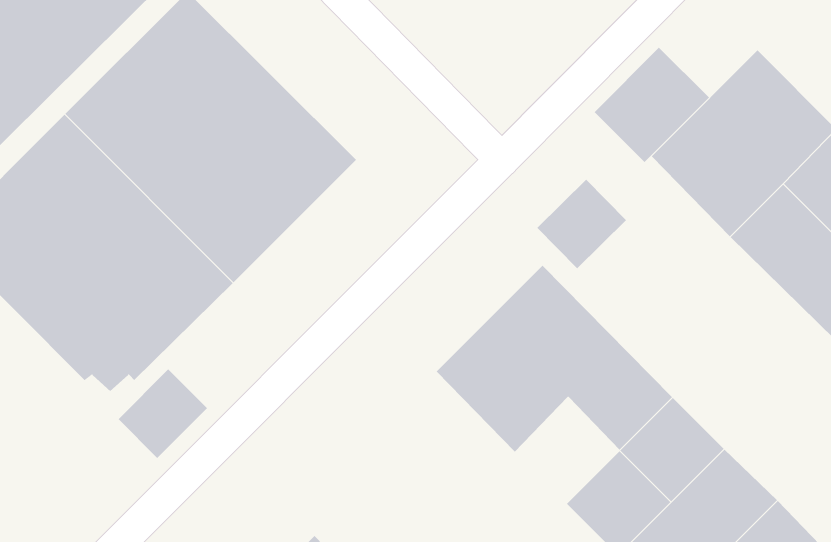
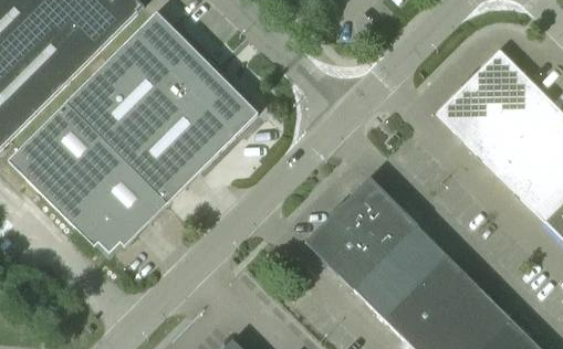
building: [594,47,710,163] -> none
building: [536,179,627,269] -> none
building: [118,369,208,459] -> none
building: none -> [353,256,416,320]

